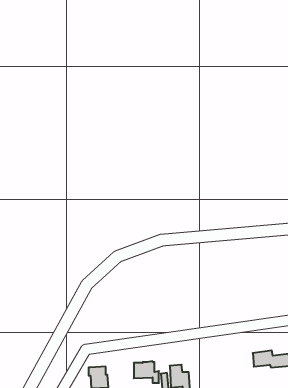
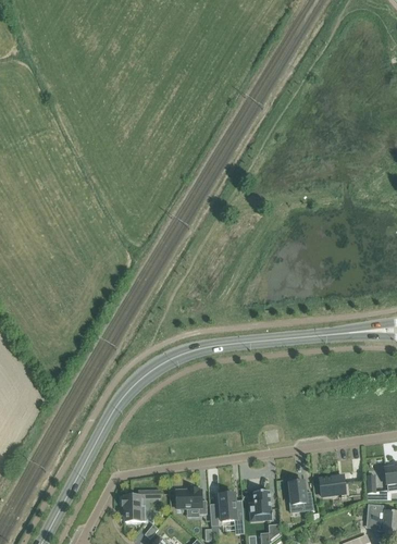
building: none -> [288,481,313,510]
building: none -> [249,491,272,516]

